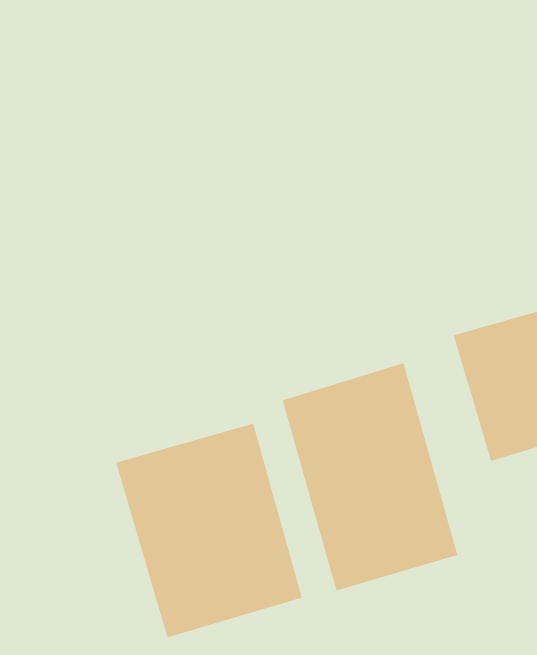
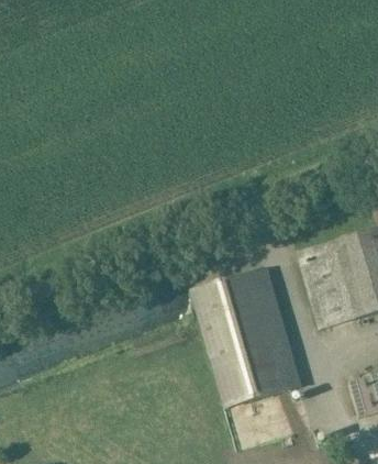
building: [115,423,303,638] -> none

